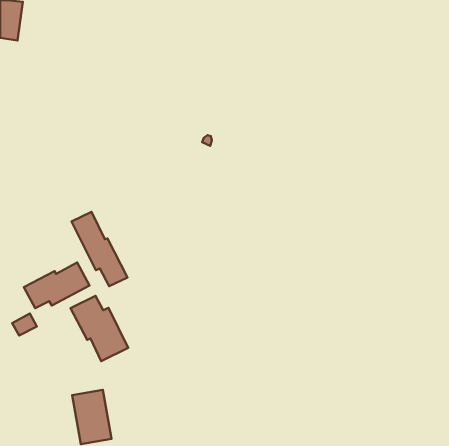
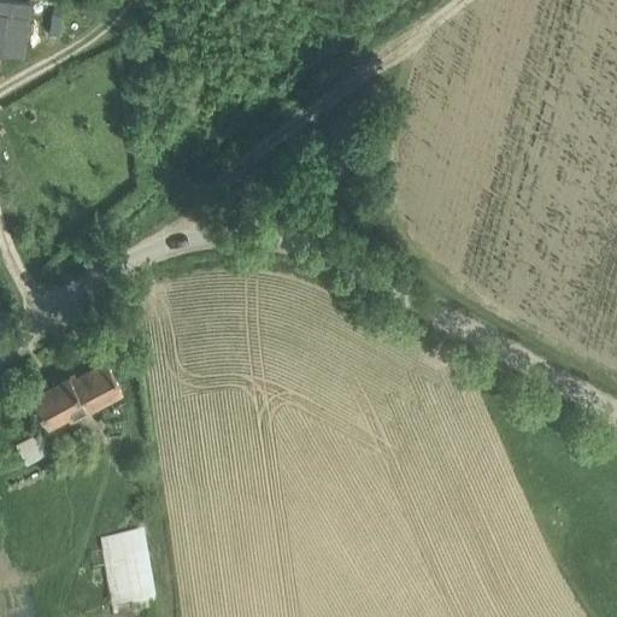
building: [71,212,128,286] -> none
building: [71,296,128,361] -> none

